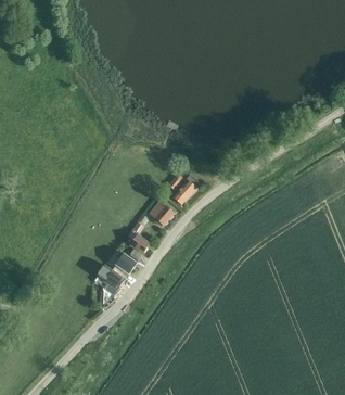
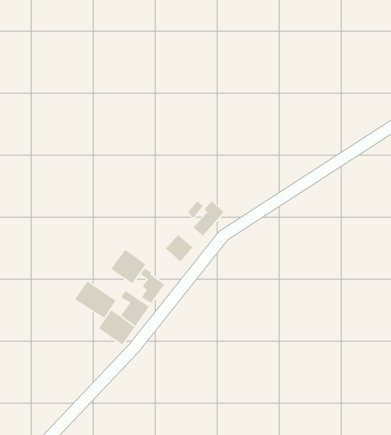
building: none -> [110,249,146,284]
building: none -> [74,281,116,319]

